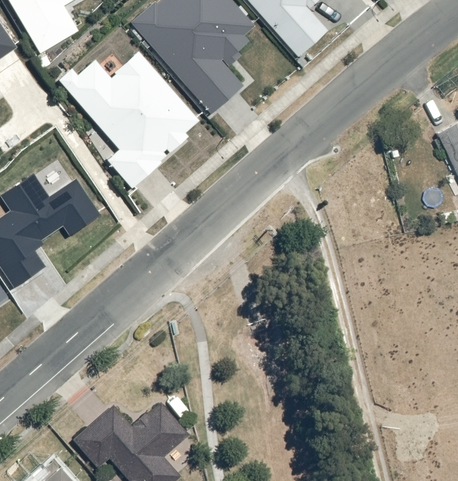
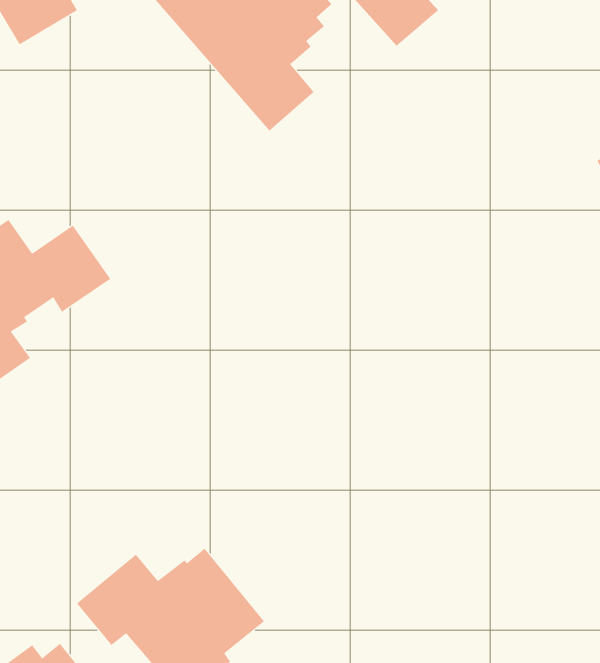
building: [56,53,199,190] -> none

